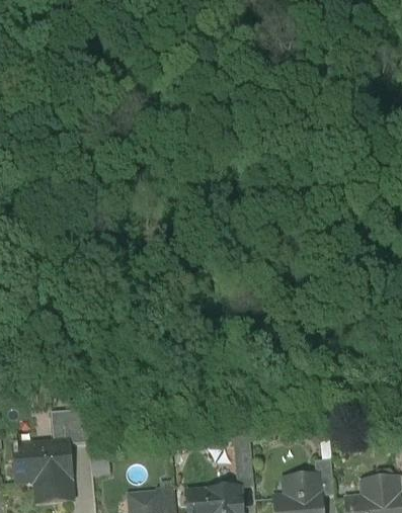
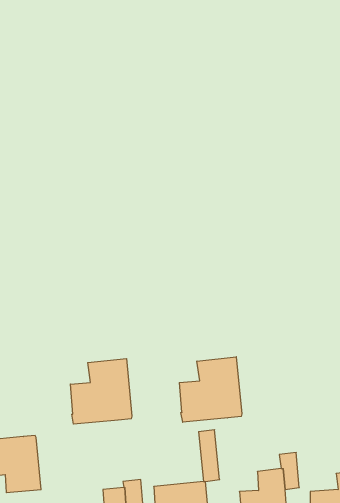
building: none -> [179,357,242,422]
building: none -> [70,359,132,424]
building: [51,411,88,445] -> none

